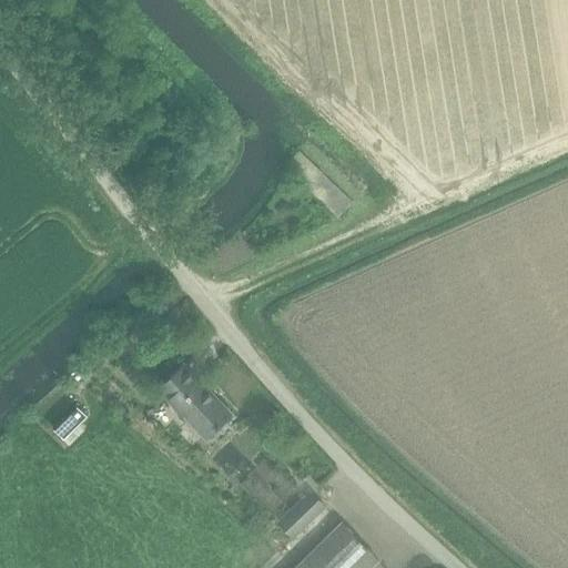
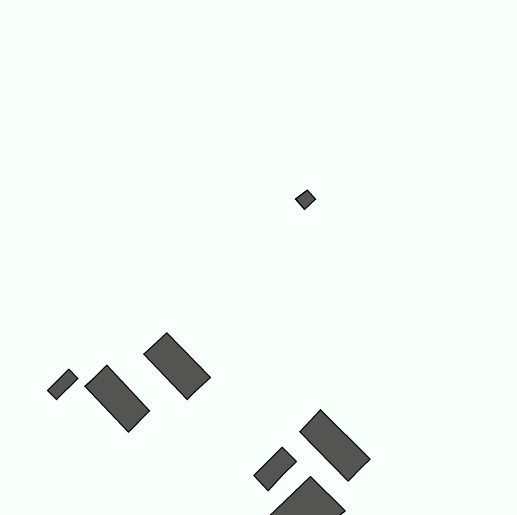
building: none -> [85,365,150,432]
building: none -> [300,410,370,481]

